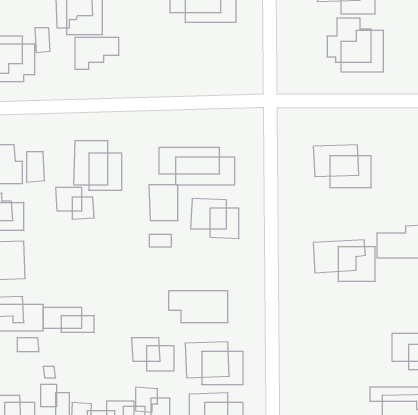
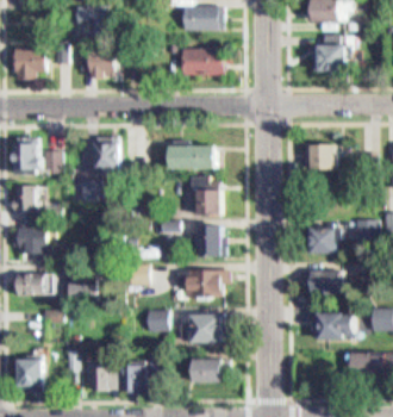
building: none -> [188,44,220,74]
building: [149,185,178,221] -> [196,224,222,255]
building: none -> [297,268,337,291]
building: none -> [314,311,354,337]

